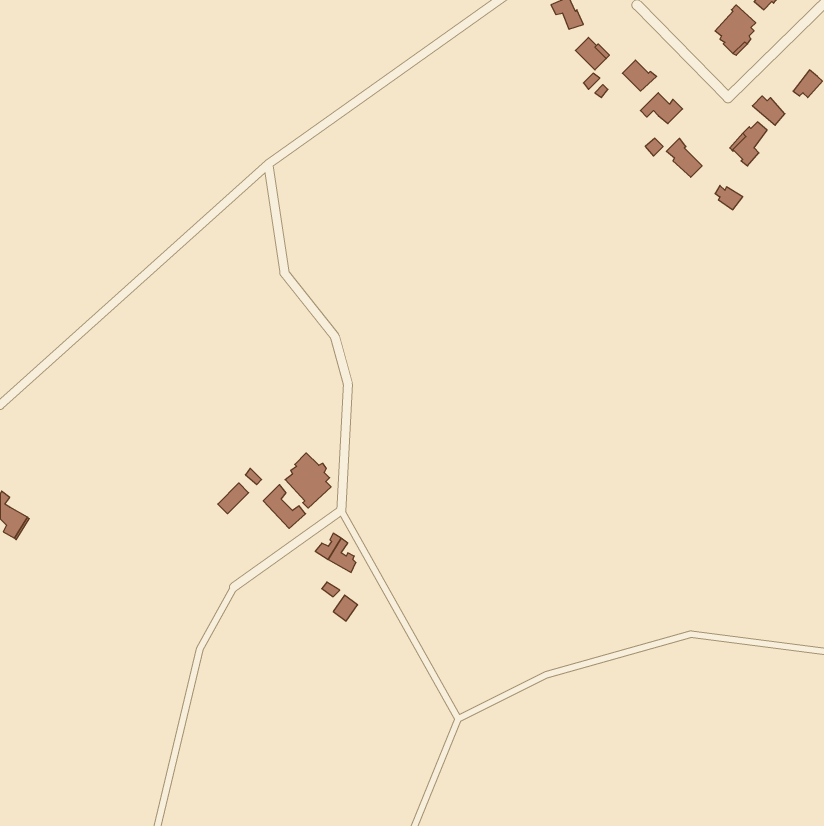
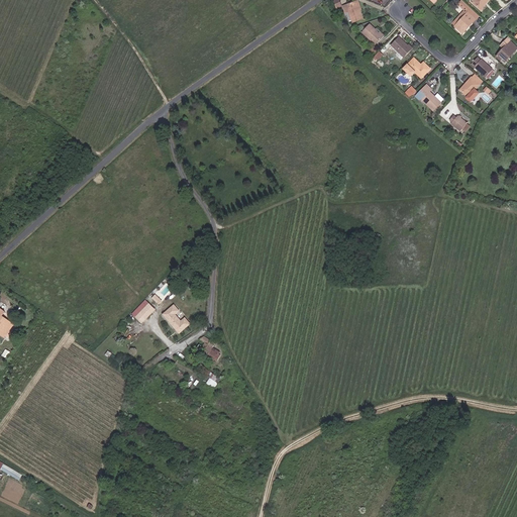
building: [285,453,331,508] -> none

